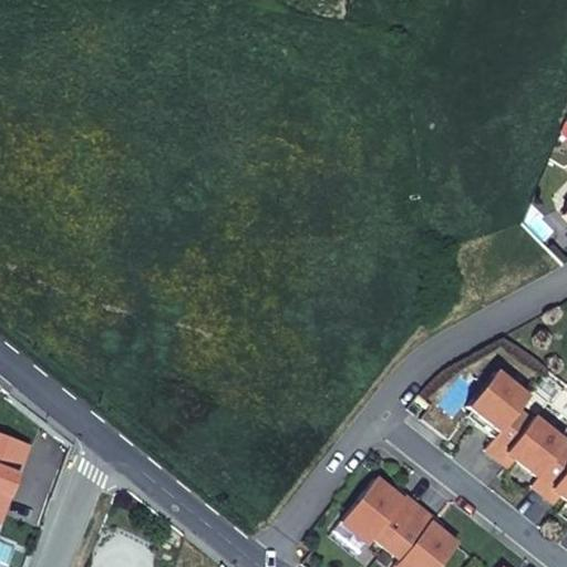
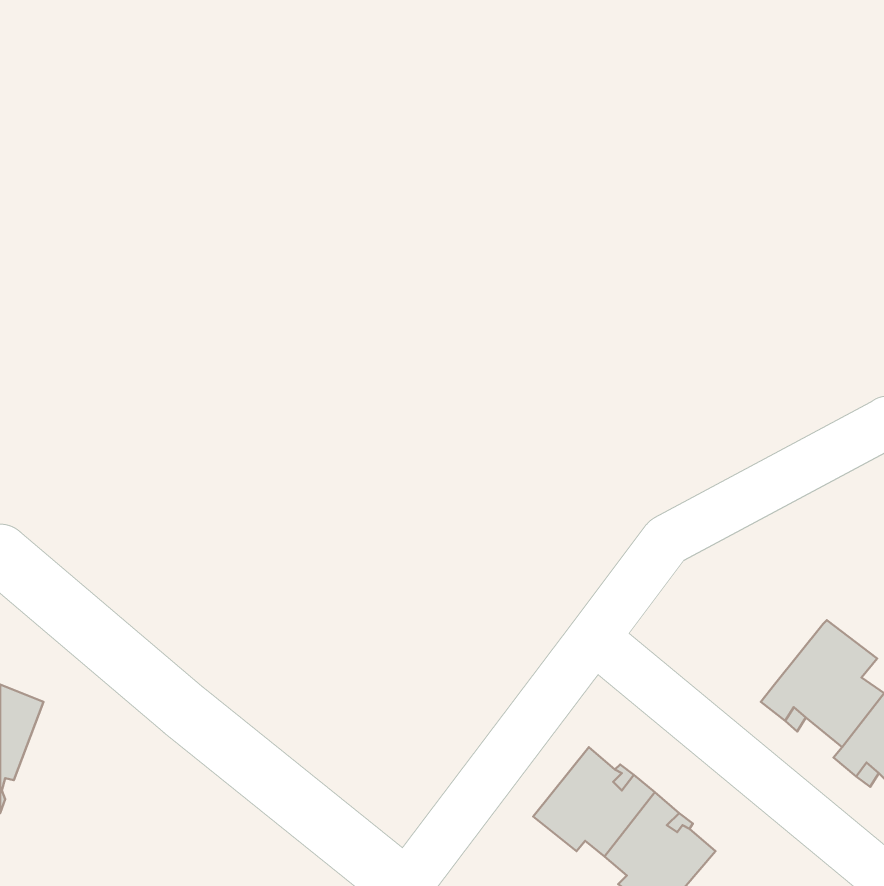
building: [468,370,527,437] -> none

